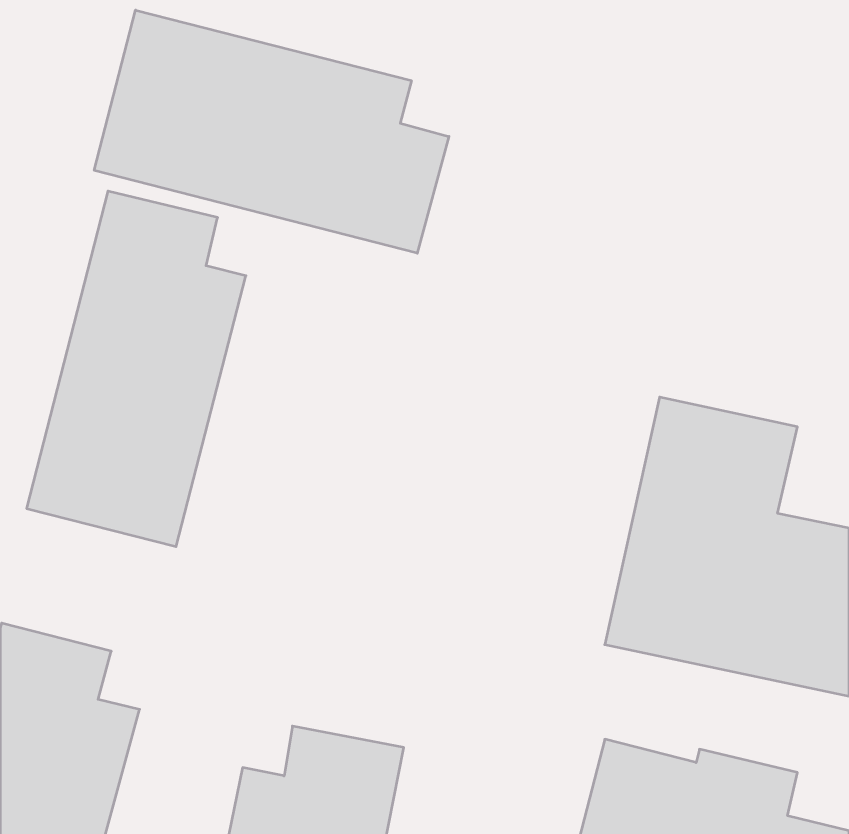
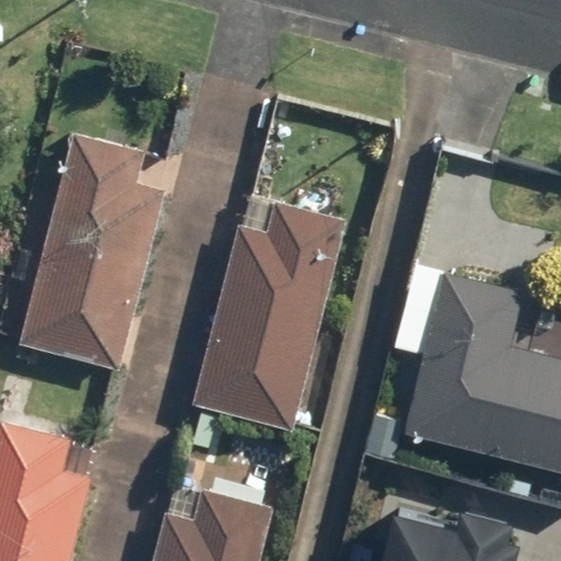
building: [94,10,449,253] -> none
building: none -> [199,203,341,431]

